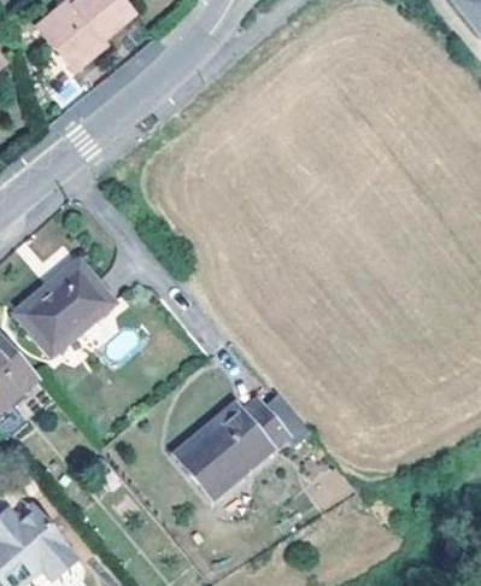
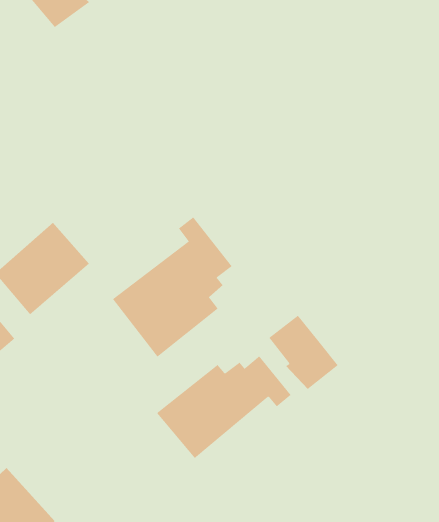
building: none -> [112,217,233,358]
building: none -> [269,315,338,390]

